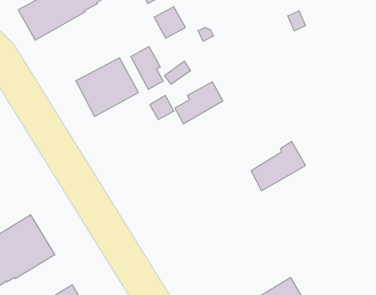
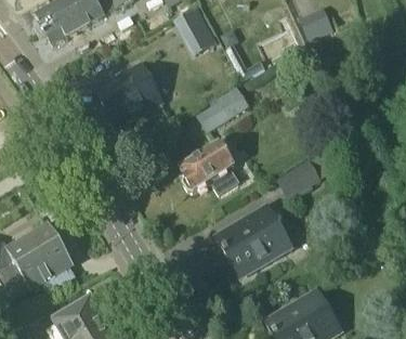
building: [131,47,163,90] -> none
building: none -> [179,142,238,194]
building: none -> [215,205,292,272]

